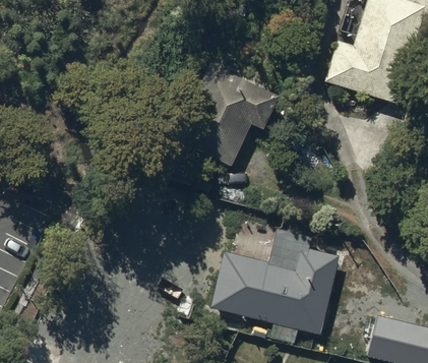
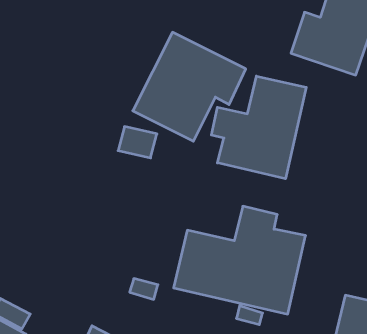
building: none -> [211,76,306,179]

